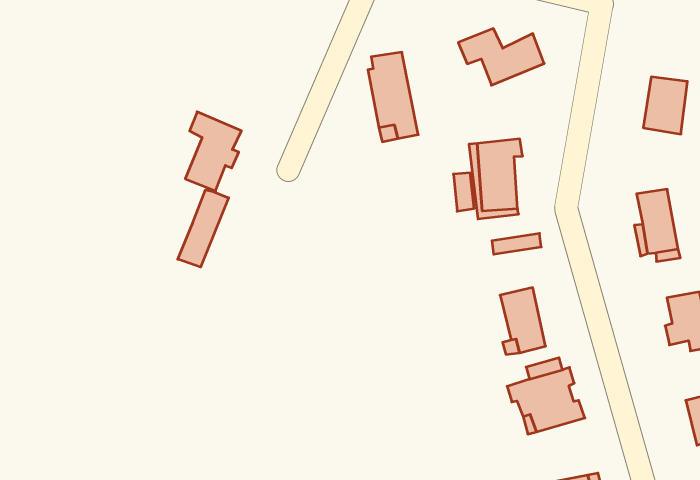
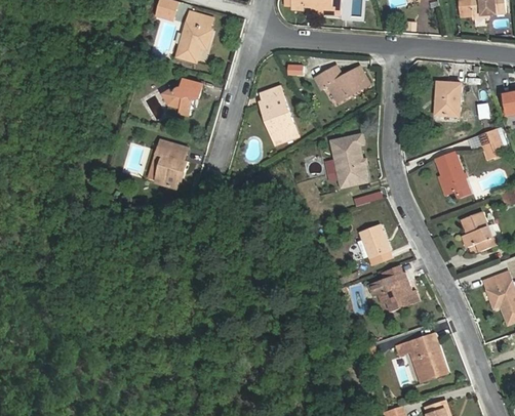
building: none -> [162,80,202,115]
building: [178,190,229,267] -> none

